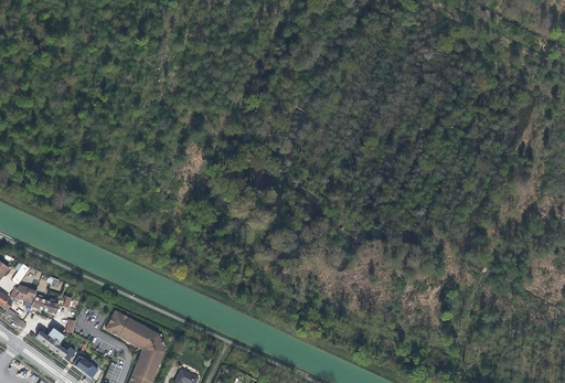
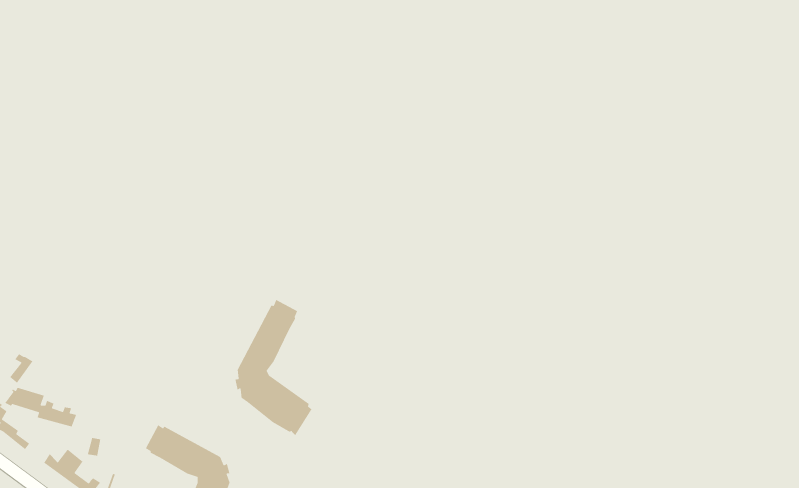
building: none -> [234,299,312,436]

